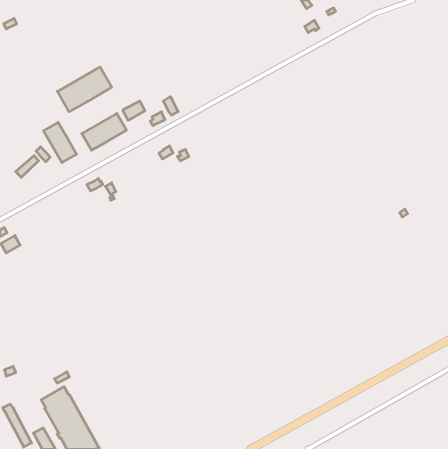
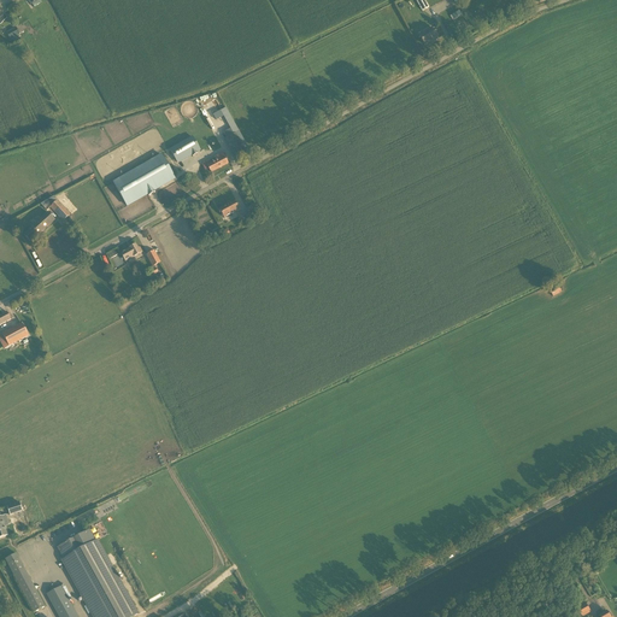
building: [57,67,112,112] -> none
building: [44,122,77,163] -> none

